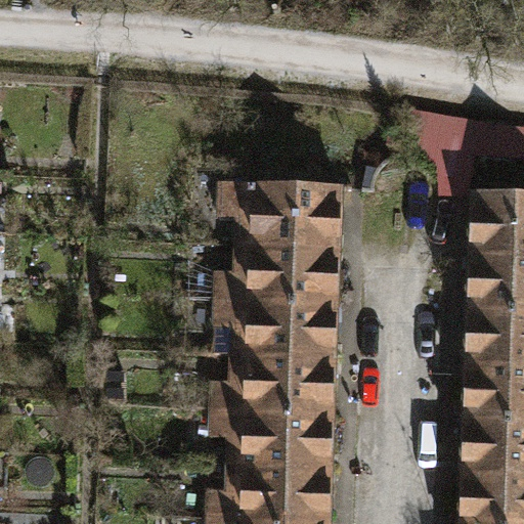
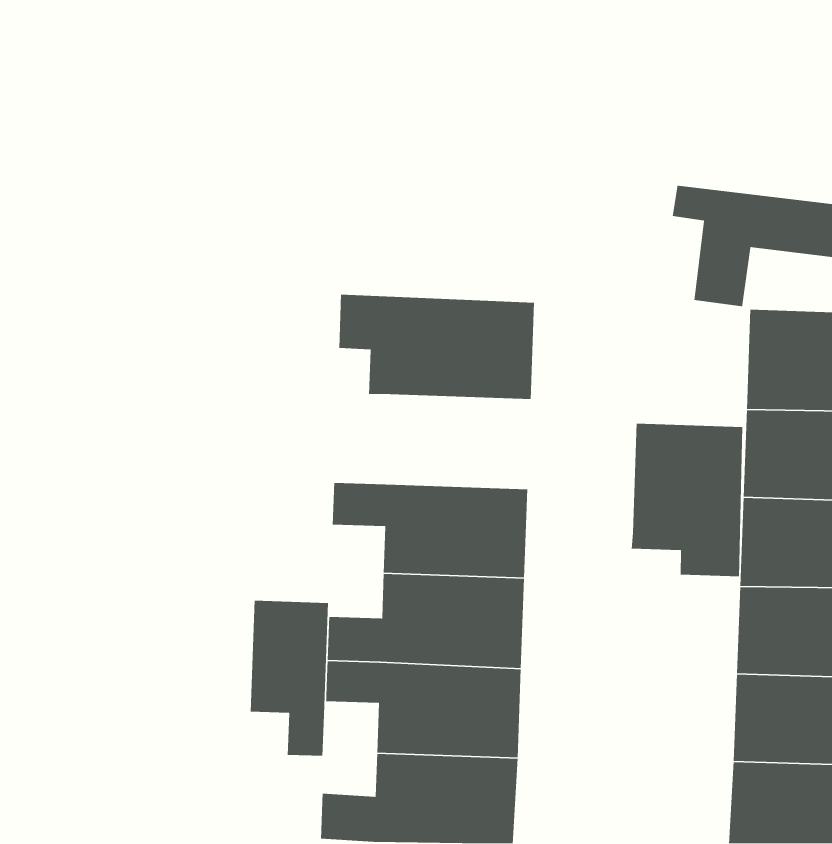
building: [214,245,337,303] -> none
building: none -> [631,423,743,577]
building: none -> [250,600,329,757]

